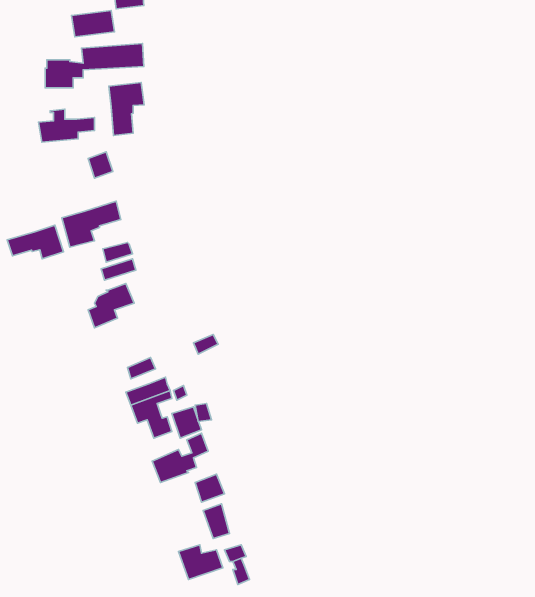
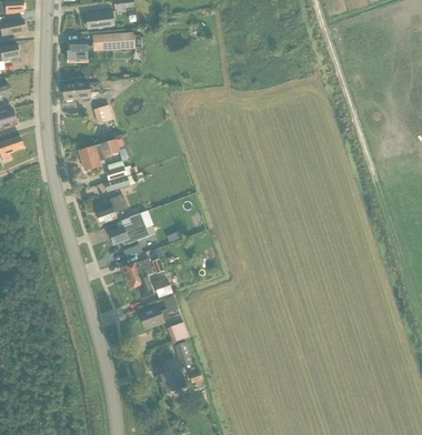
building: [109,83,144,136] -> none
building: [7,225,64,259] -> none
building: none -> [108,212,148,244]

